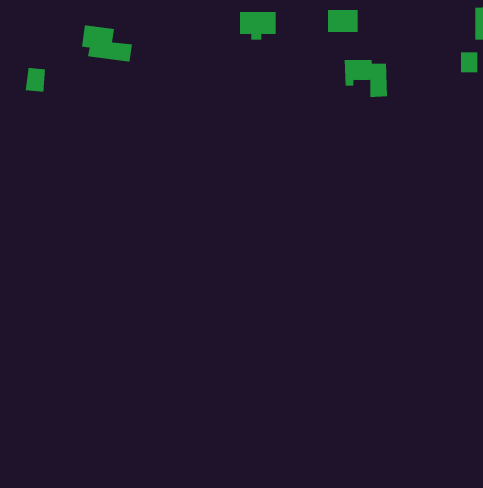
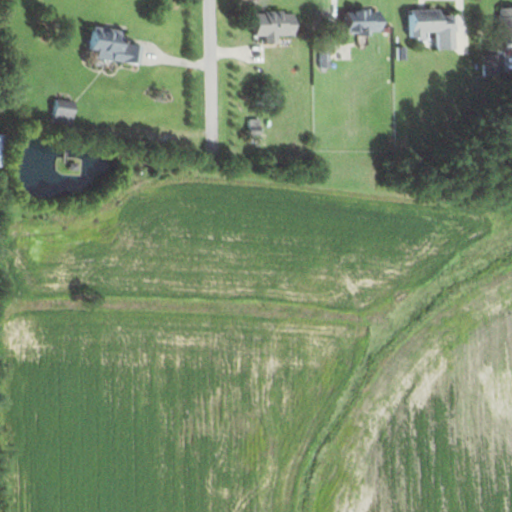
building: [344,59,388,98] -> [411,10,457,50]
building: [25,67,46,92] -> [55,99,77,125]

